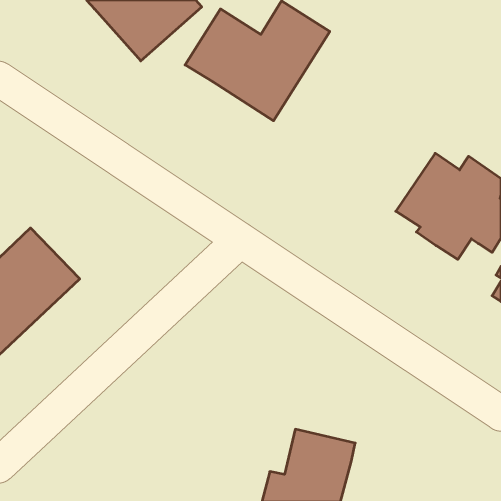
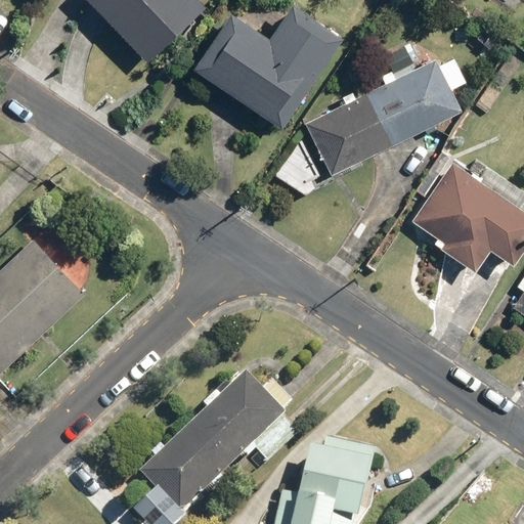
building: none -> [304,56,463,178]
building: none -> [137,374,301,516]

